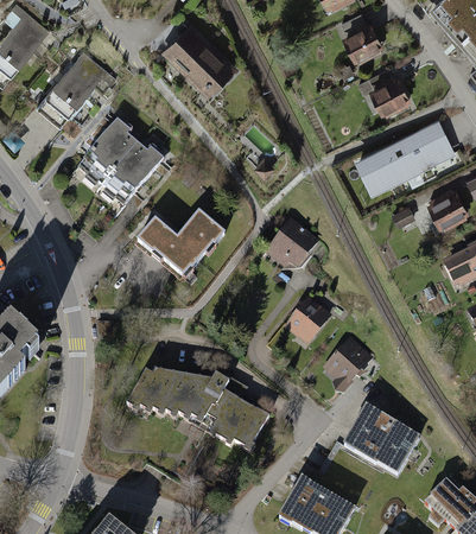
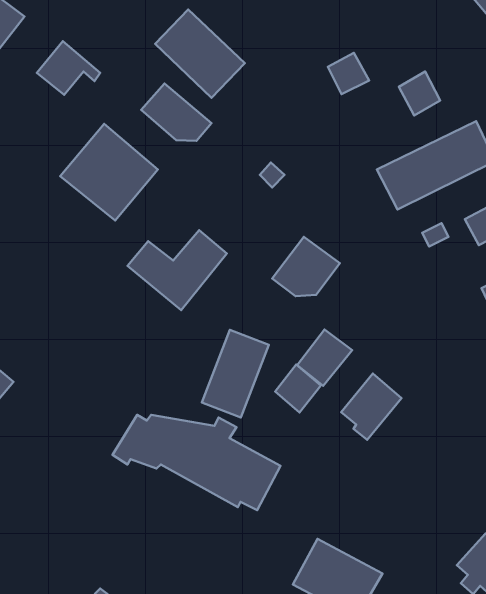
building: [347,24,382,59] -> [328,53,369,94]
building: [36,77,84,127] -> none
building: none -> [141,84,211,141]
building: none -> [202,330,269,417]
building: none -> [275,365,321,412]
building: [347,407,419,473] -> none

